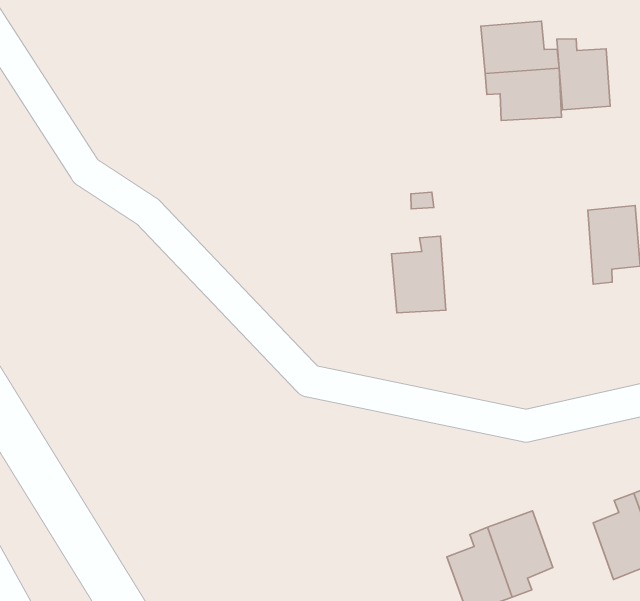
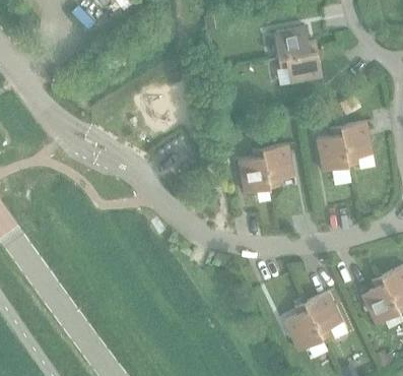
building: [557,39,610,110] -> none
building: none -> [317,127,348,172]
building: none -> [263,144,294,189]

